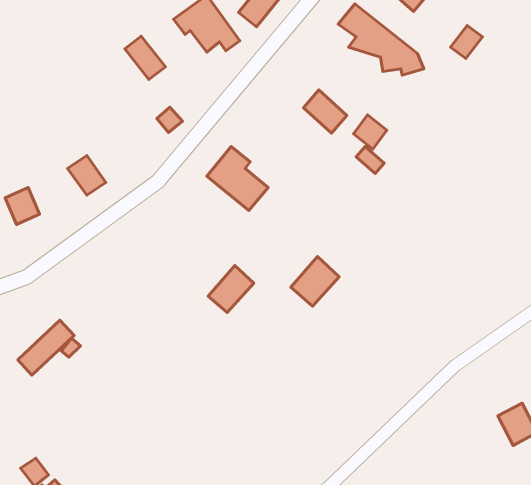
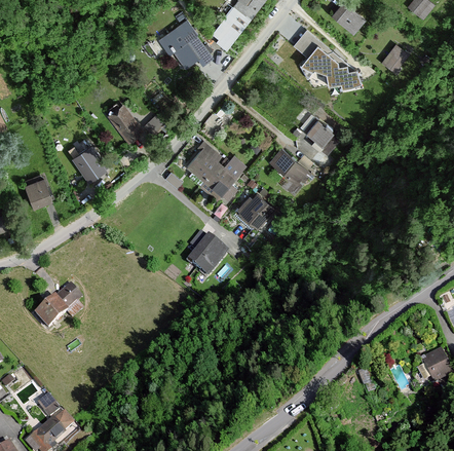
building: [125,36,166,80] -> [110,106,143,141]
building: [303,90,347,133] -> [270,149,305,184]
building: [291,256,339,306] -> [233,191,272,231]

